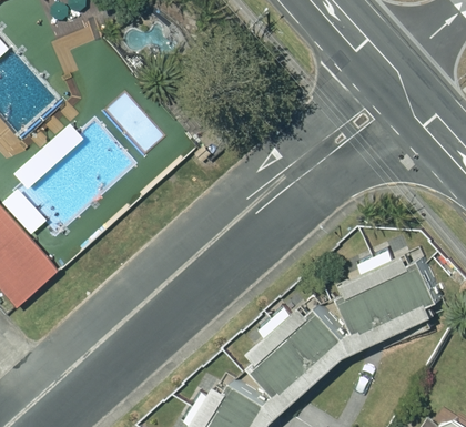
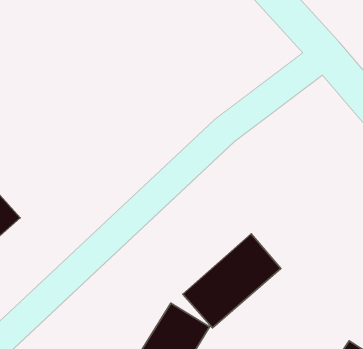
building: [335,255,439,336] -> none

